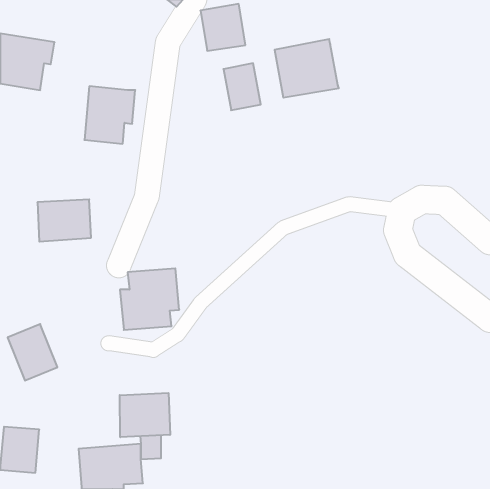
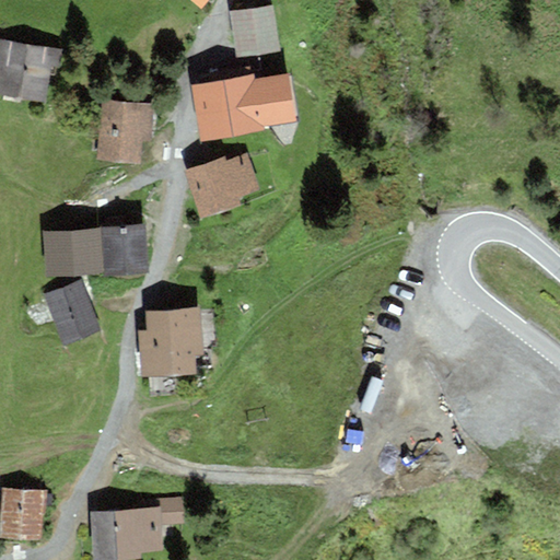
building: [275,39,339,98] -> [191,73,265,140]
building: none -> [184,153,259,219]
building: none -> [102,224,148,276]
building: [8,324,57,381] -> [43,280,100,345]
building: [120,393,170,437] -> none

